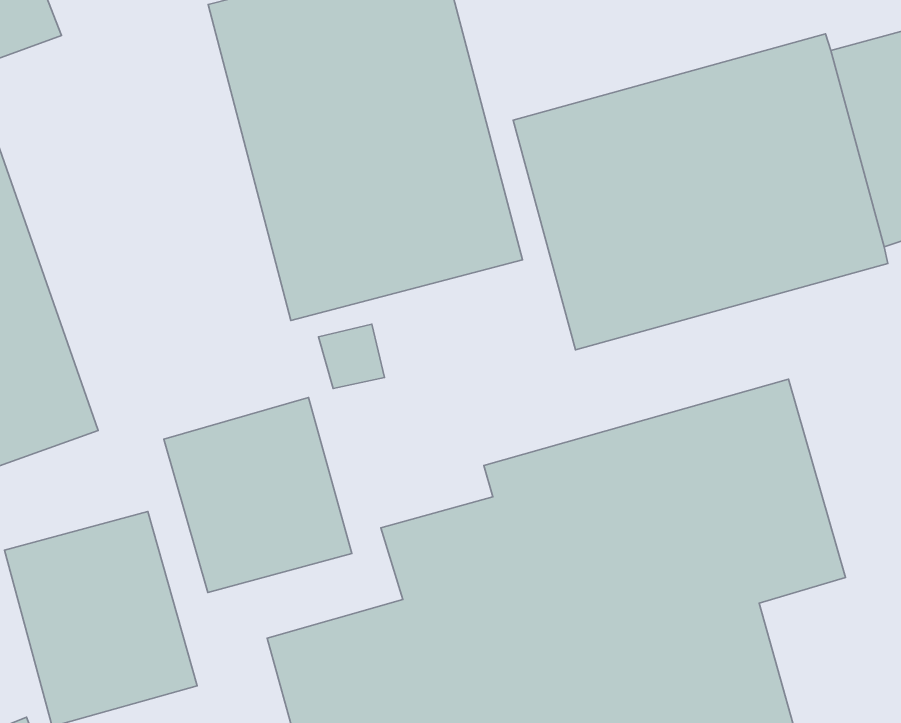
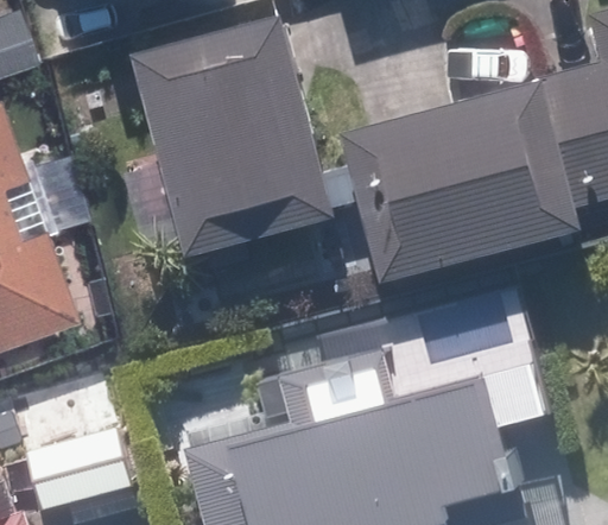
building: [164,397,352,593] -> none

